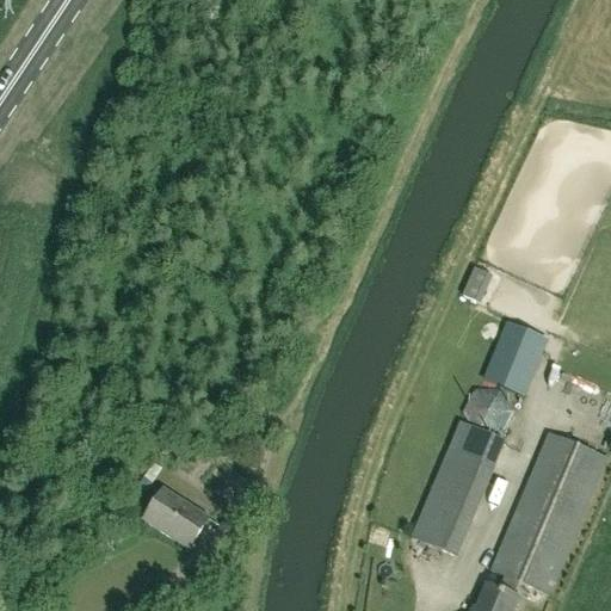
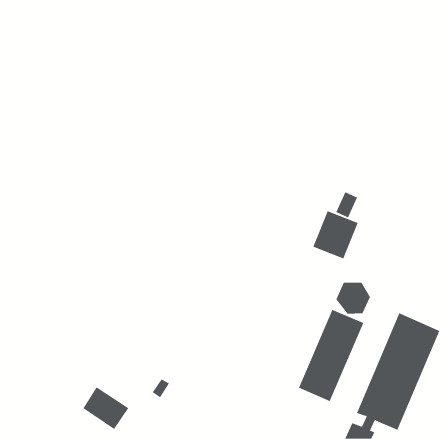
building: [485,327,548,394] -> [312,211,358,259]
building: [144,487,209,547] -> [82,387,129,430]

